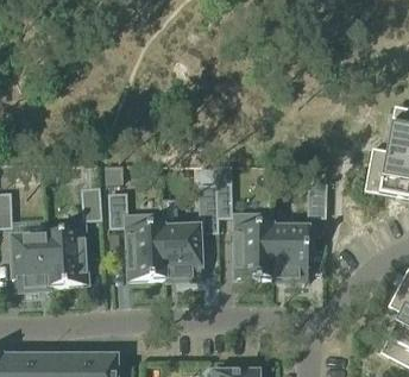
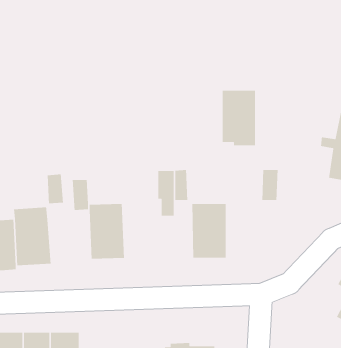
building: [163,216,202,279] -> none
building: [272,218,308,279] -> [222,88,256,146]

